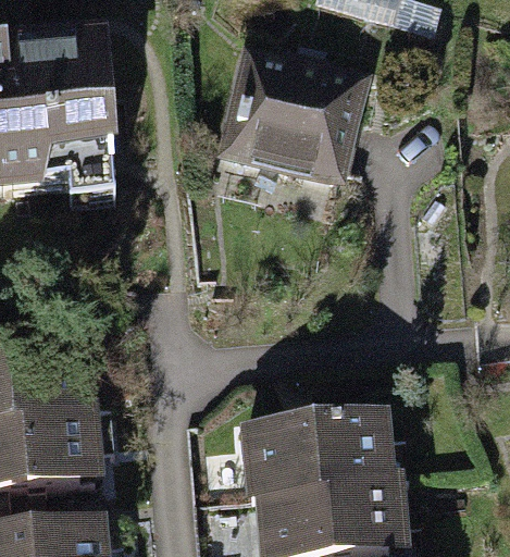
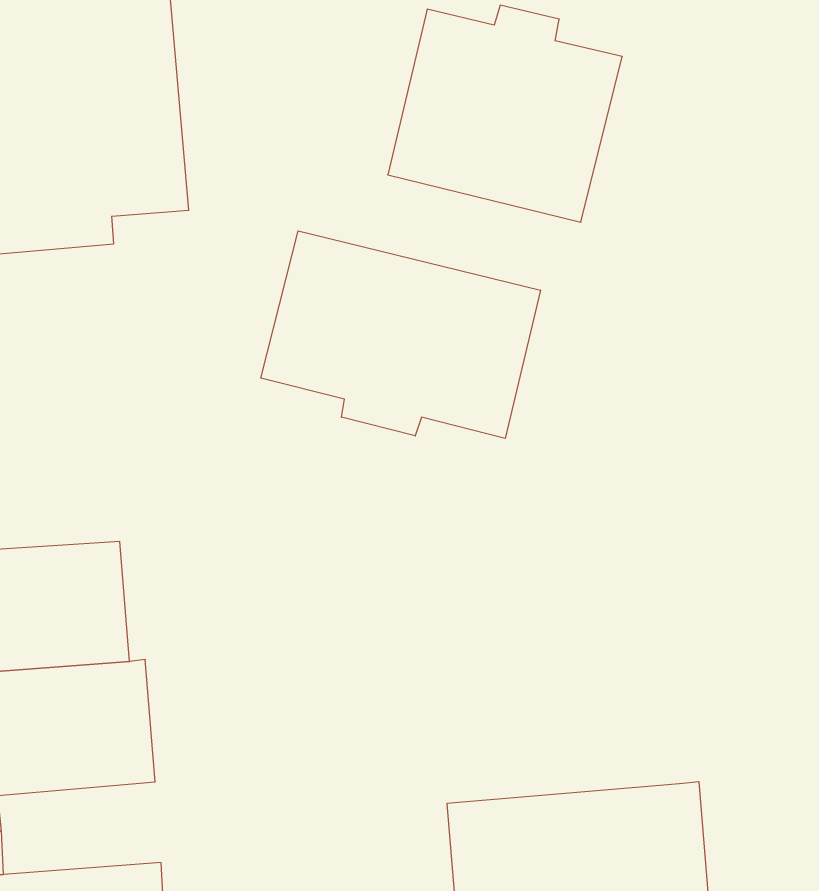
building: none -> [261,231,540,438]
building: [244,420,386,498] -> none

